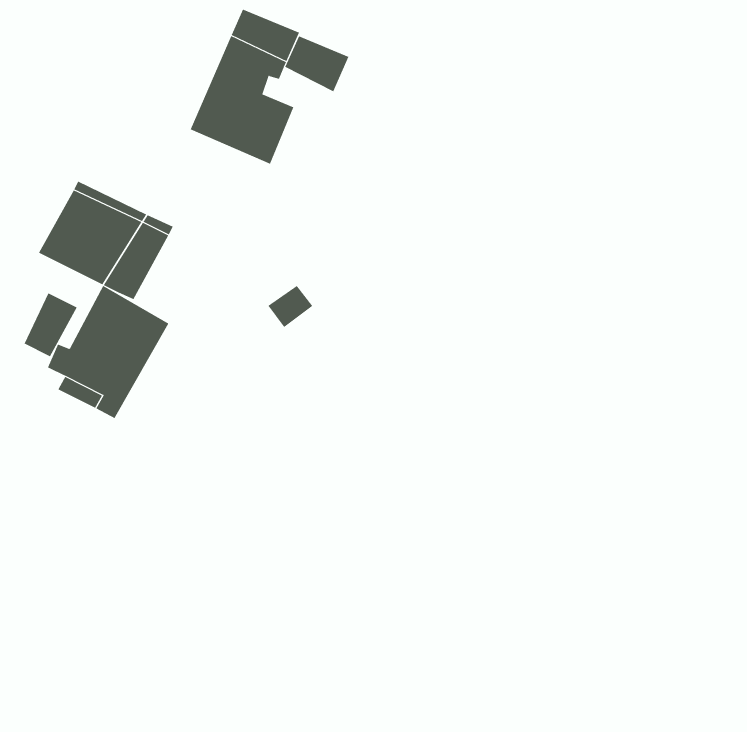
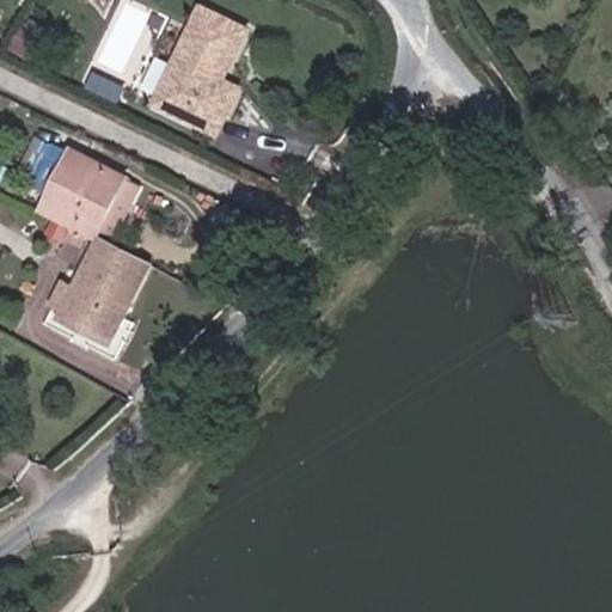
building: [284,35,349,92] -> none
building: [24,292,78,357] -> none

